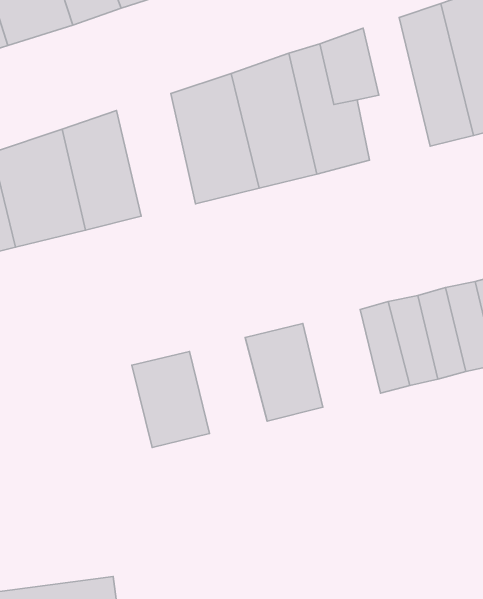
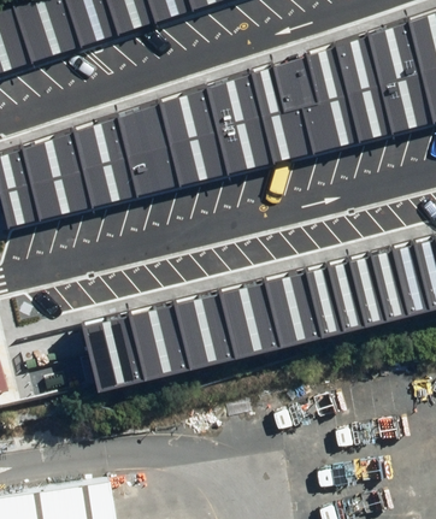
building: none -> [302,43,359,154]
building: none -> [116,102,177,197]
building: none -> [260,270,320,346]
building: none -> [172,291,232,366]
building: none -> [83,313,143,388]

